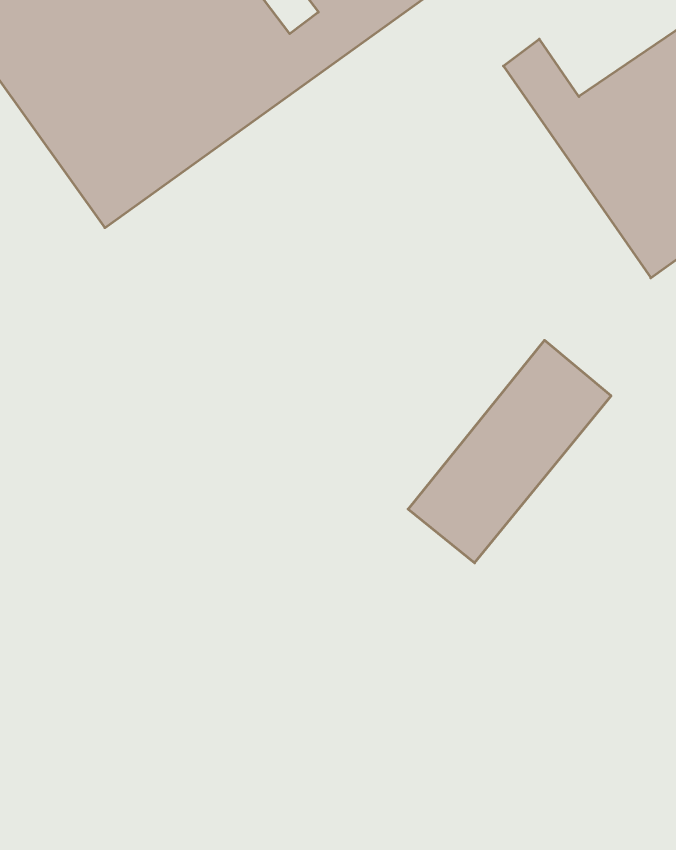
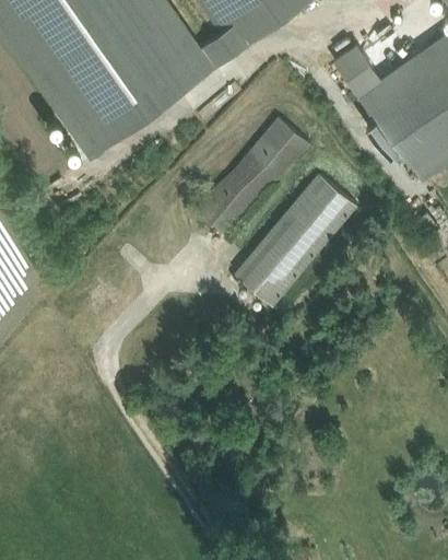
building: none -> [197,109,310,237]
building: [408,340,611,563] -> [234,171,357,306]

